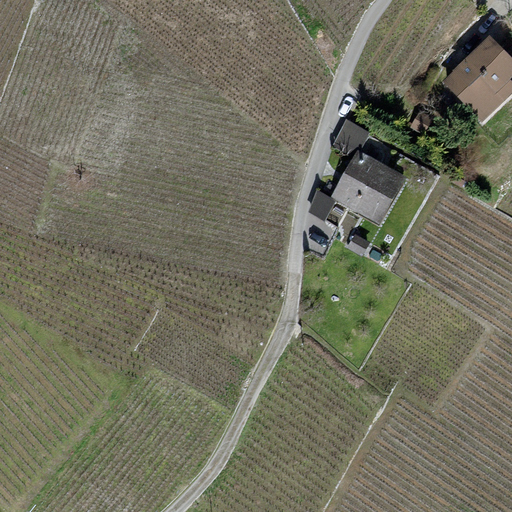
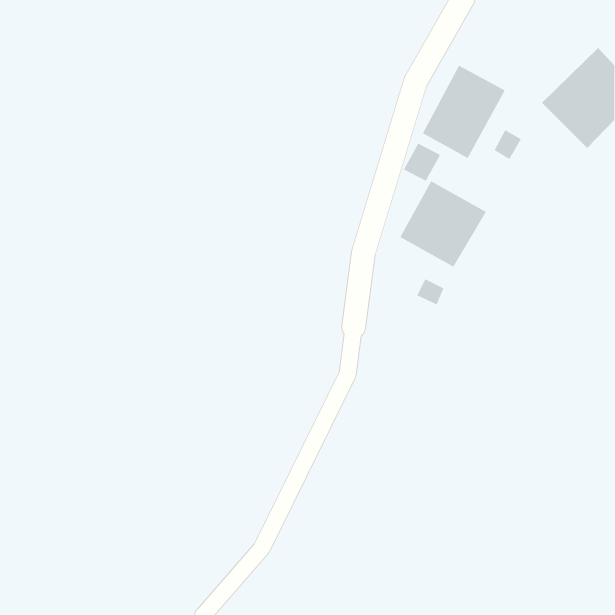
building: none -> [422,65,506,159]

